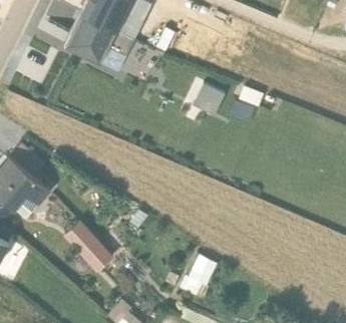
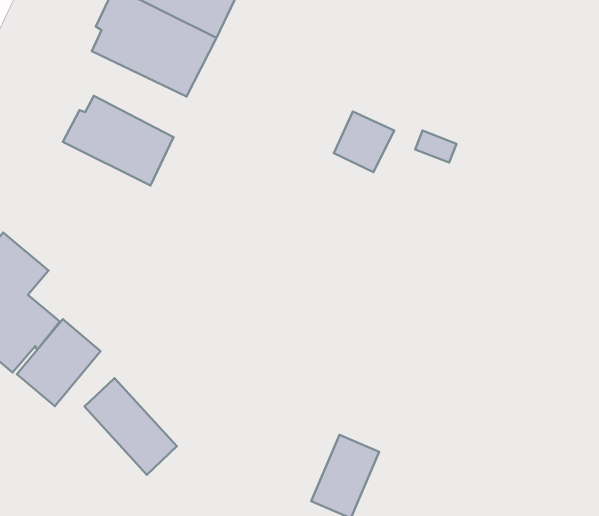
building: none -> [63,96,174,185]
building: none -> [17,319,101,406]

